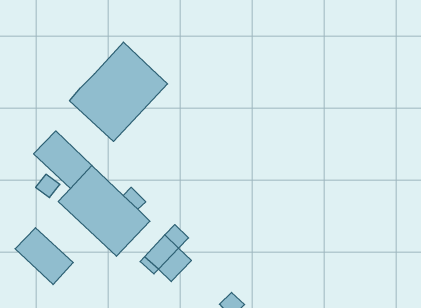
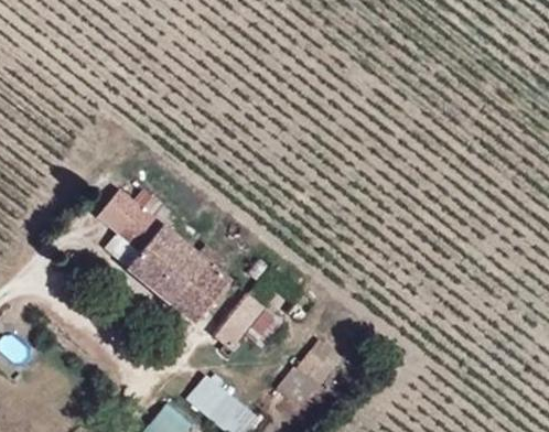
building: [70,42,168,141] -> none
building: [15,228,73,285] -> none

